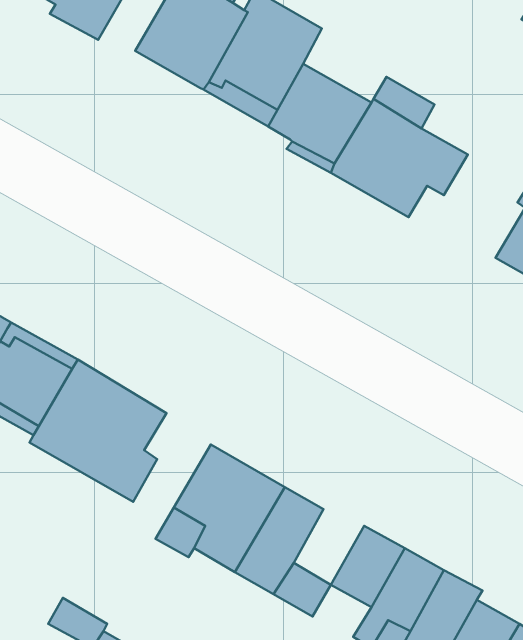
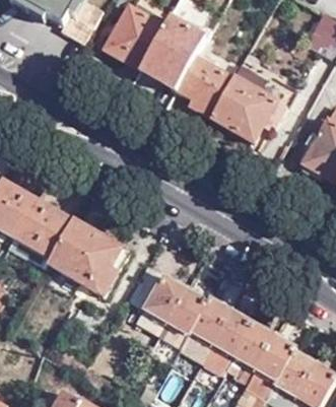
building: none -> [191,296,229,341]

